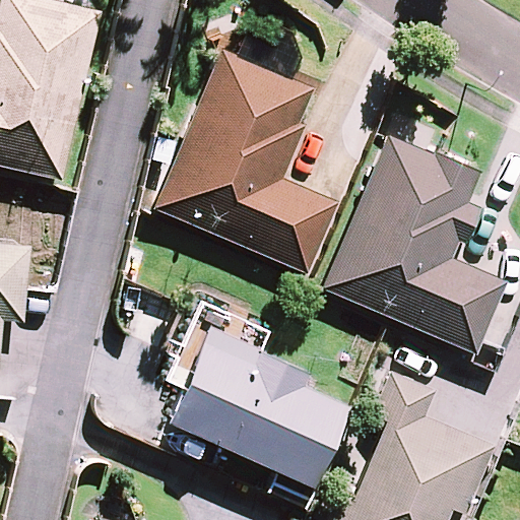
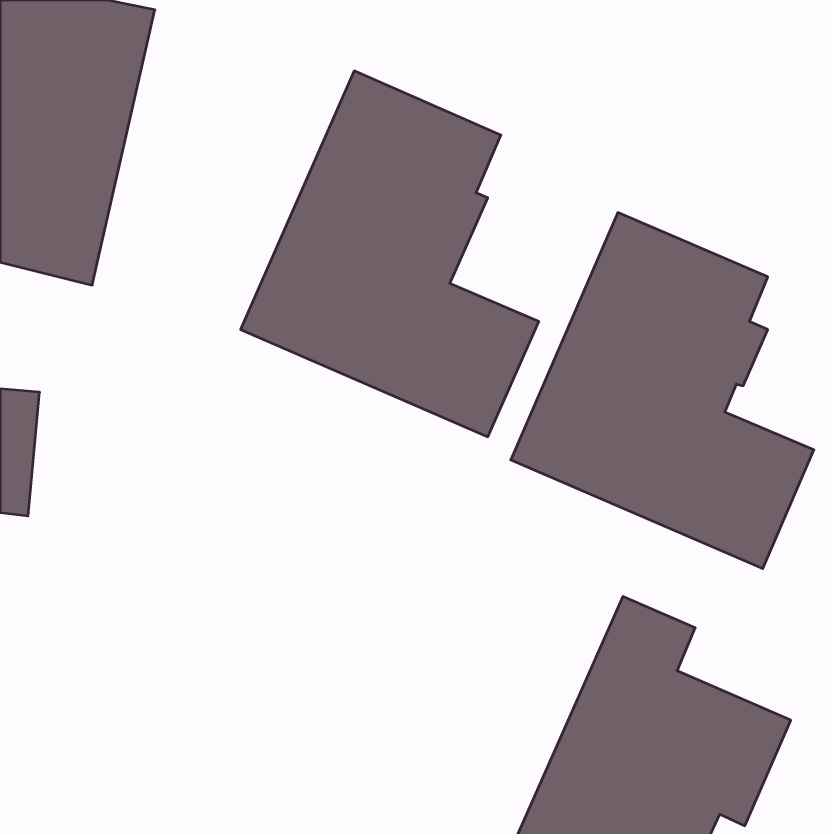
building: [170,328,347,484] -> none

